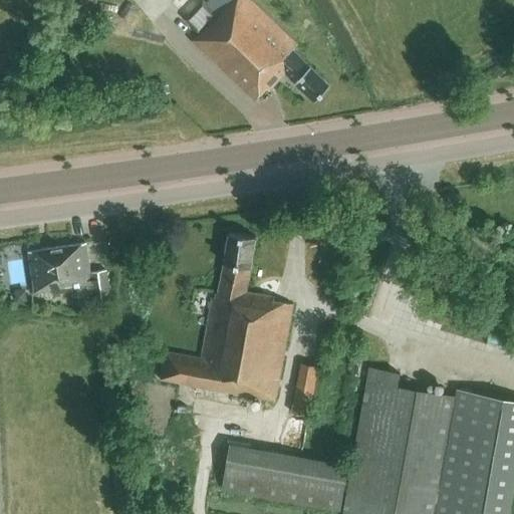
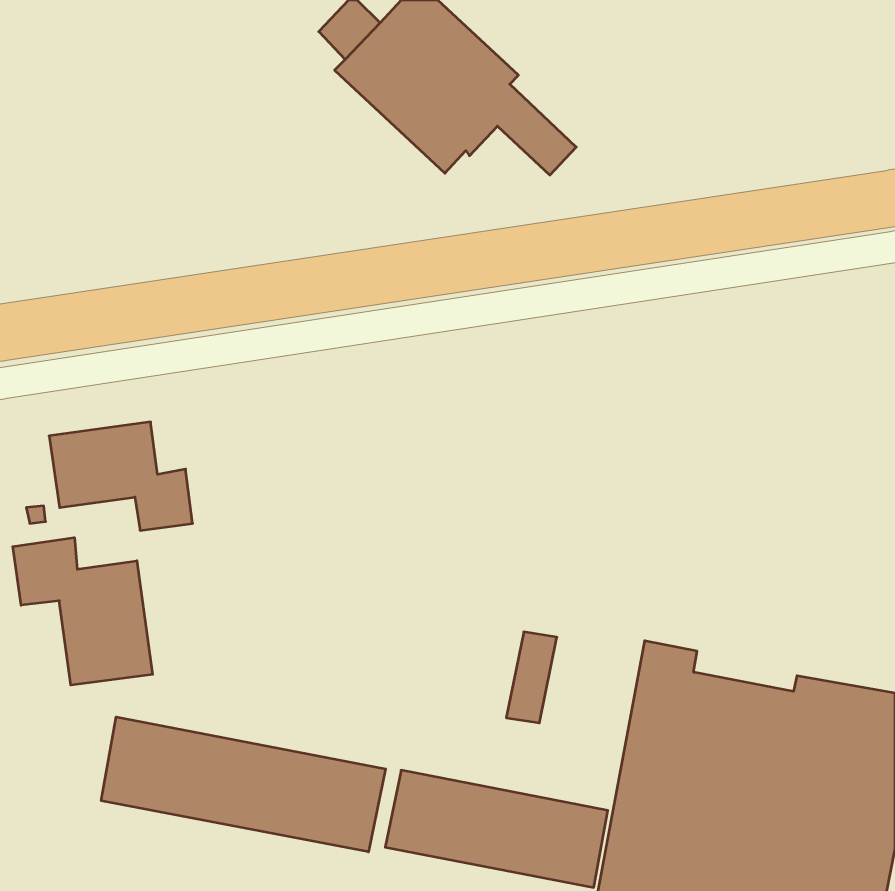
building: [161,233,293,401] -> none
building: none -> [13,538,153,685]
building: none -> [101,717,386,852]

